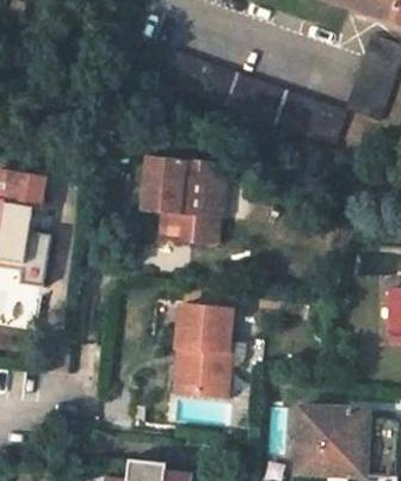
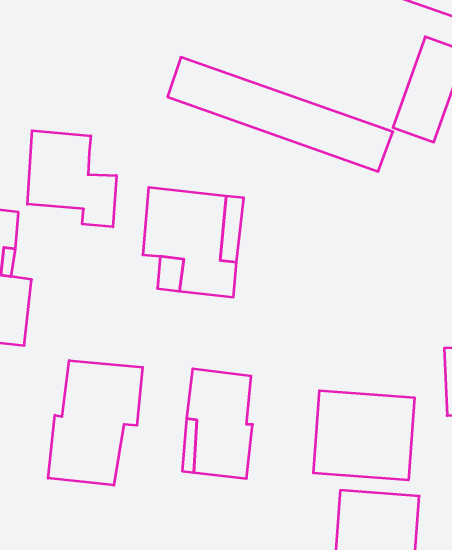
building: none -> [27,131,116,227]
building: none -> [48,360,143,485]
building: none -> [313,391,414,480]

